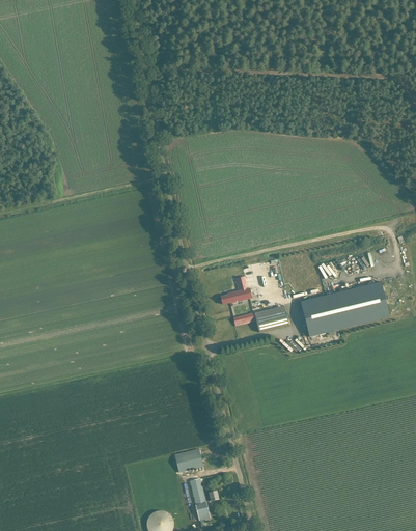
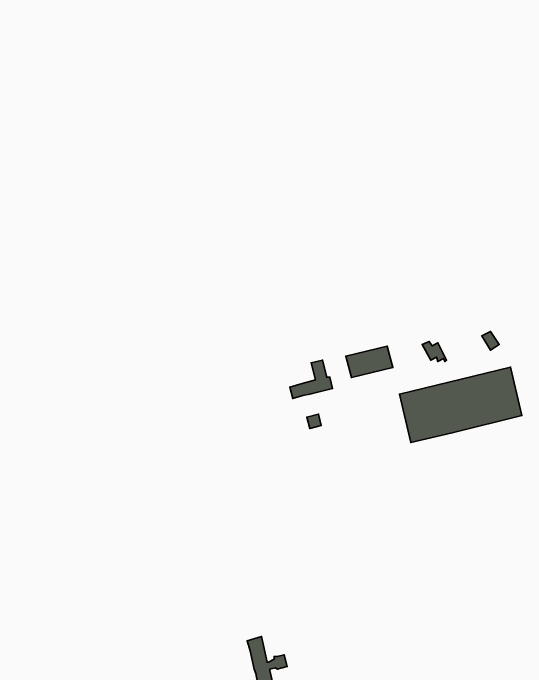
building: [255,309,289,332] -> [346,346,393,378]
building: [173,448,202,472] -> none

